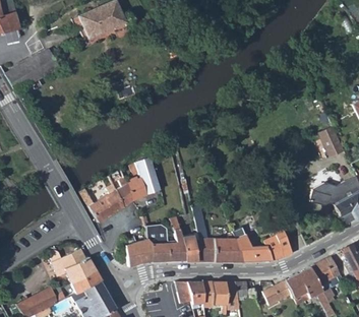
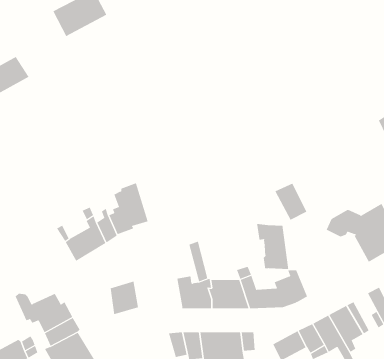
building: [316,125,344,156] -> [274,183,307,220]
building: none -> [257,223,289,270]
building: [145,216,187,260] -> none

